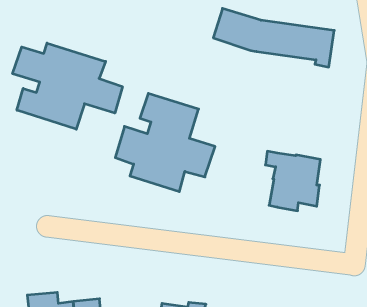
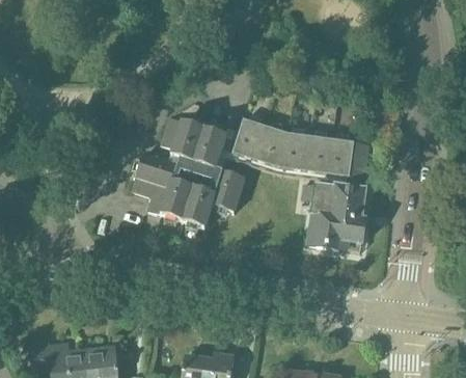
building: [213,8,334,67] -> [232,118,369,185]
building: [13,43,122,129] -> none

